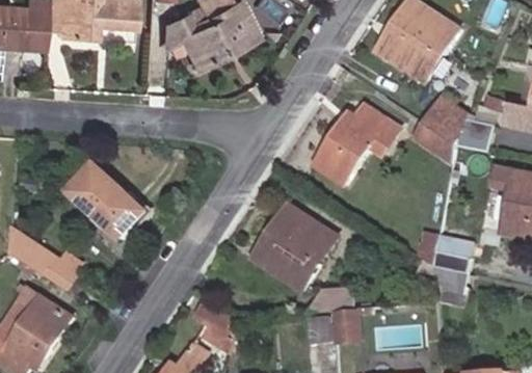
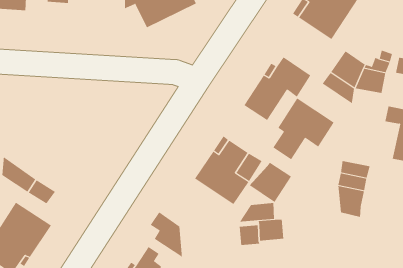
building: none -> [273,98,334,160]
building: [70,164,145,239] -> none
building: none -> [249,162,292,203]

